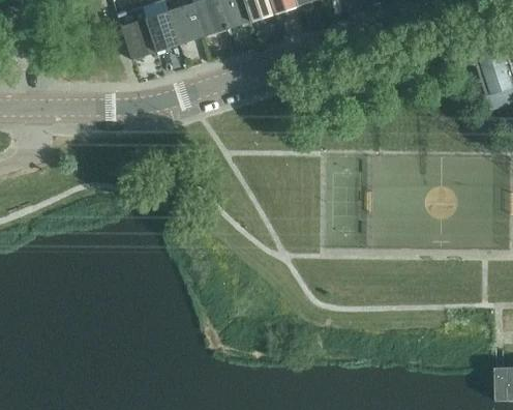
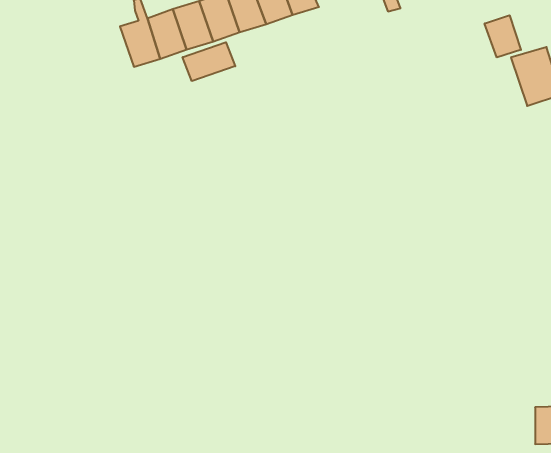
building: none -> [485,15,521,57]
building: none -> [183,42,235,81]

